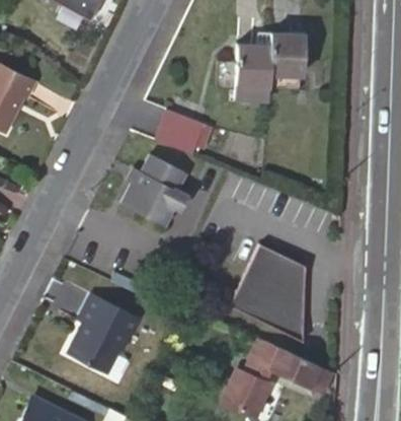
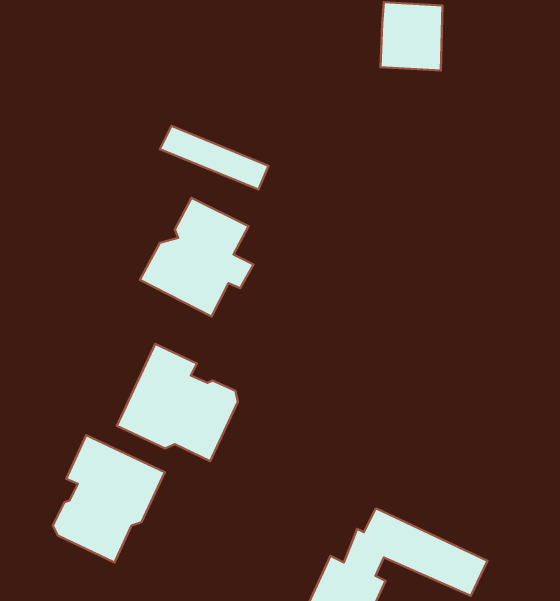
building: [234,45,268,95] -> none
building: none -> [117,344,238,461]
building: [230,244,307,335] -> none

